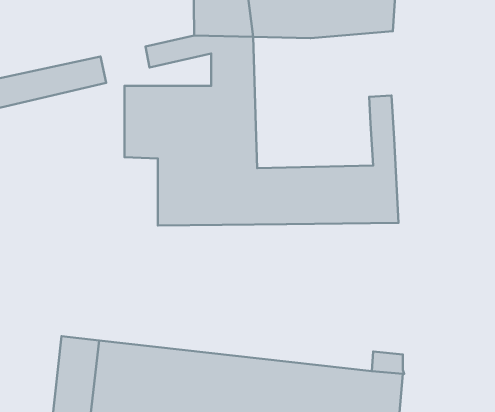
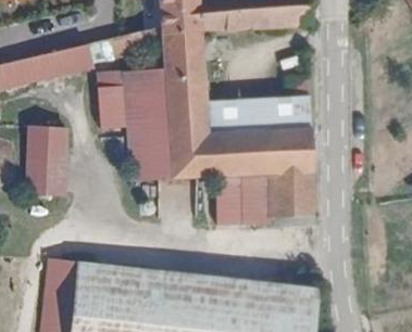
building: none -> [201,97,292,131]
building: none -> [27,131,70,197]
building: none -> [225,174,313,216]

